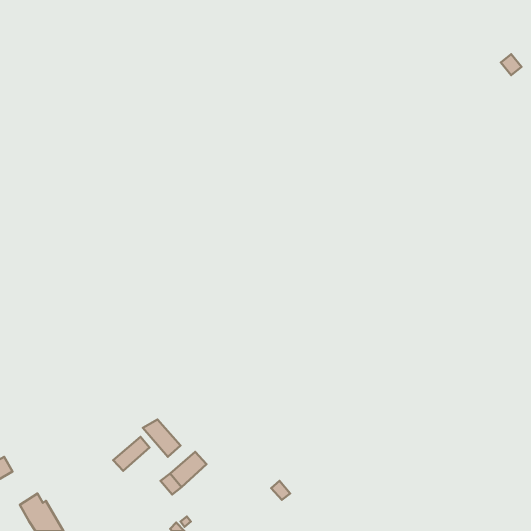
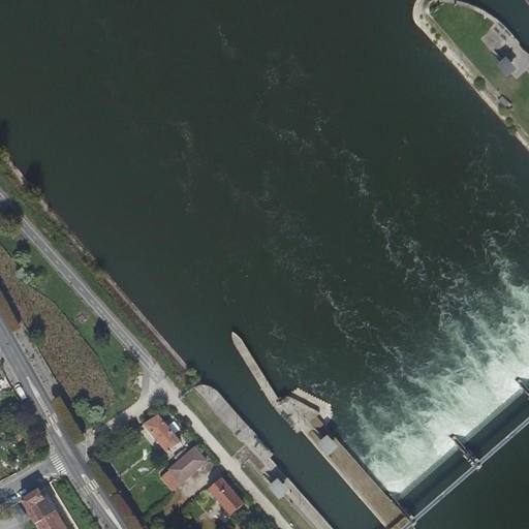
building: [113,437,150,471] -> none
building: none -> [209,477,244,515]

